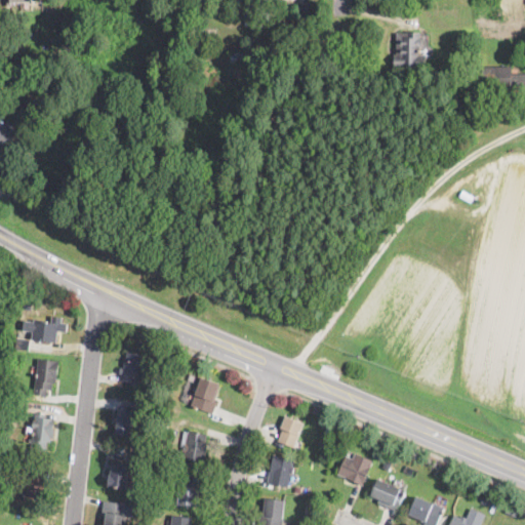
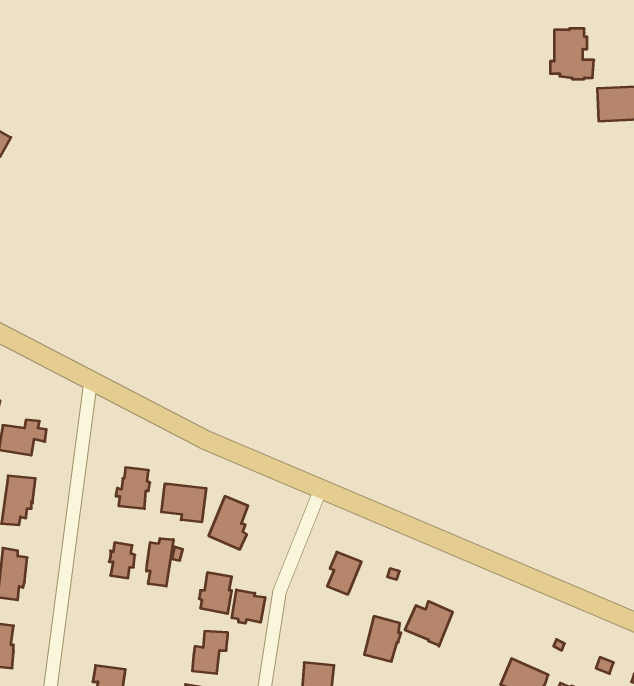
building: [393,33,426,71] -> [550,29,594,79]
building: none -> [161,484,206,522]
building: none -> [147,538,173,586]
building: none -> [232,590,265,623]
building: [266,455,293,489] -> [364,616,401,661]
building: [108,465,128,489] -> none
building: [374,480,404,510] -> none

